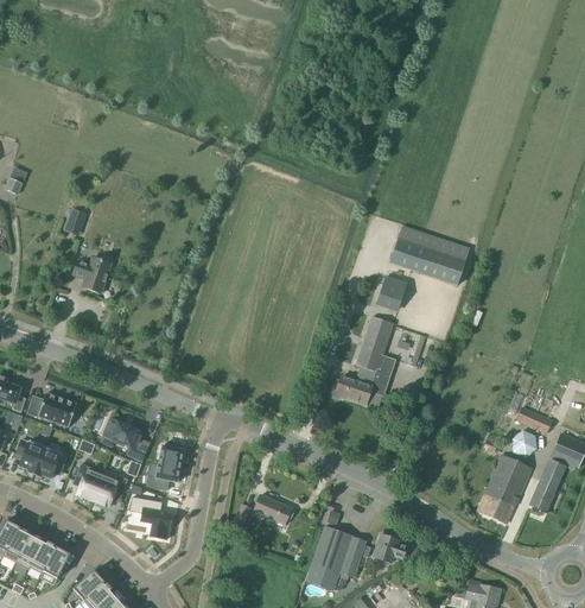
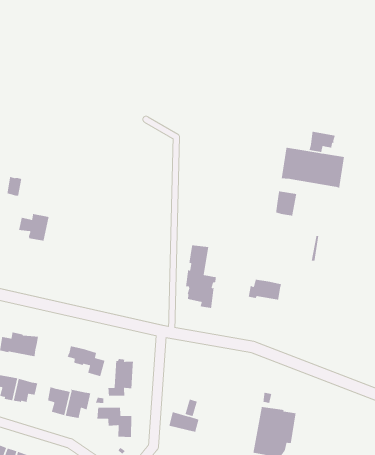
building: none -> [309,131,336,153]
building: [356,316,395,395] -> [185,244,217,309]
building: [253,494,291,524] -> [168,411,200,433]
building: [373,533,406,562] -> none

